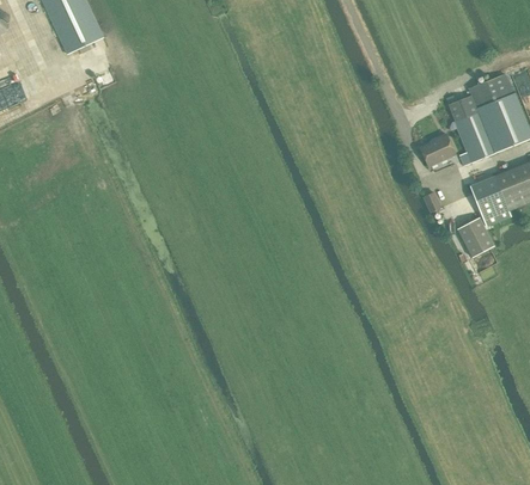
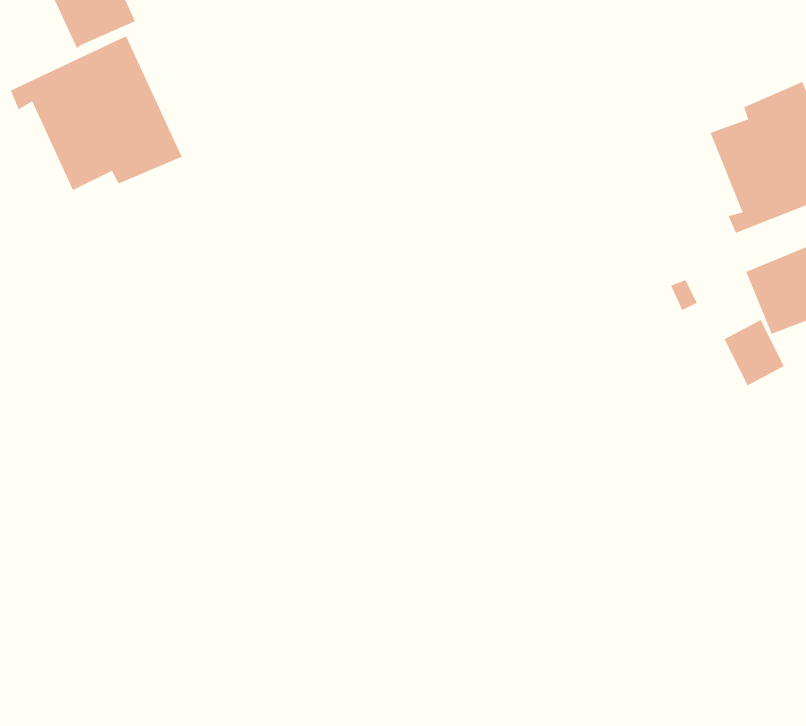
building: none -> [10,35,183,191]
building: [421,134,456,166] -> none

